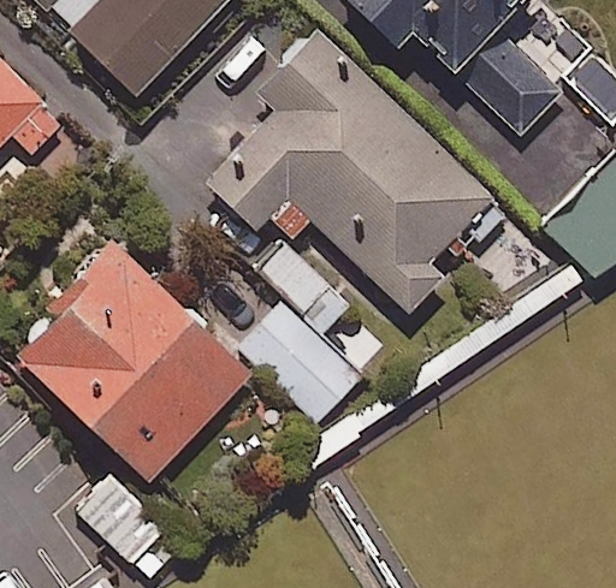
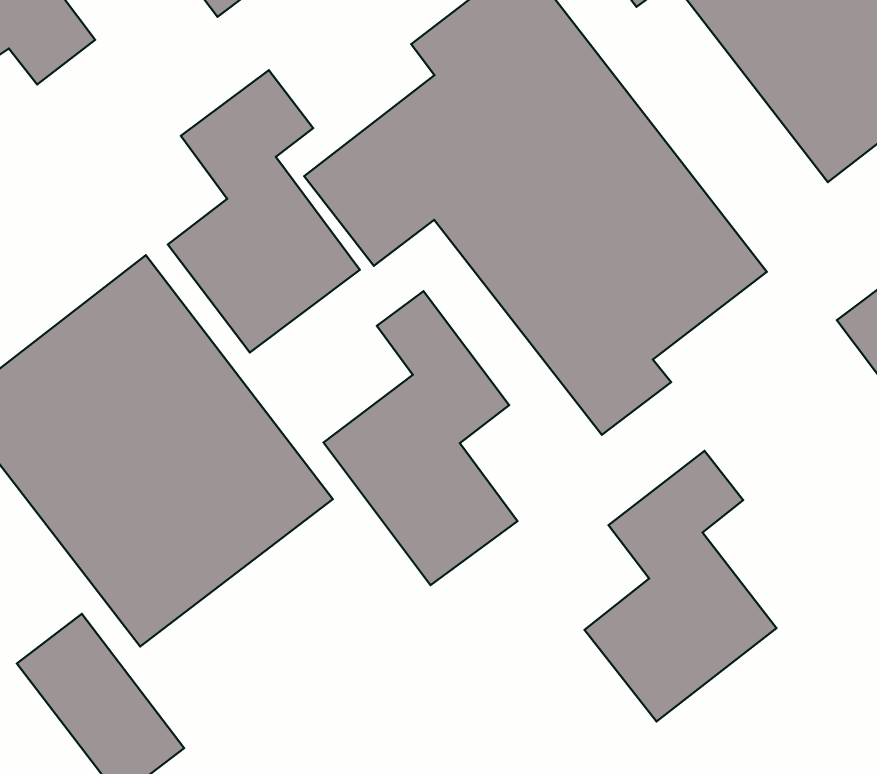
building: none -> [168,70,360,353]
building: none -> [584,451,776,721]

